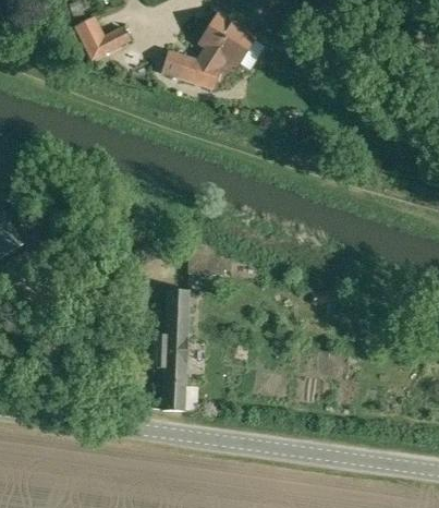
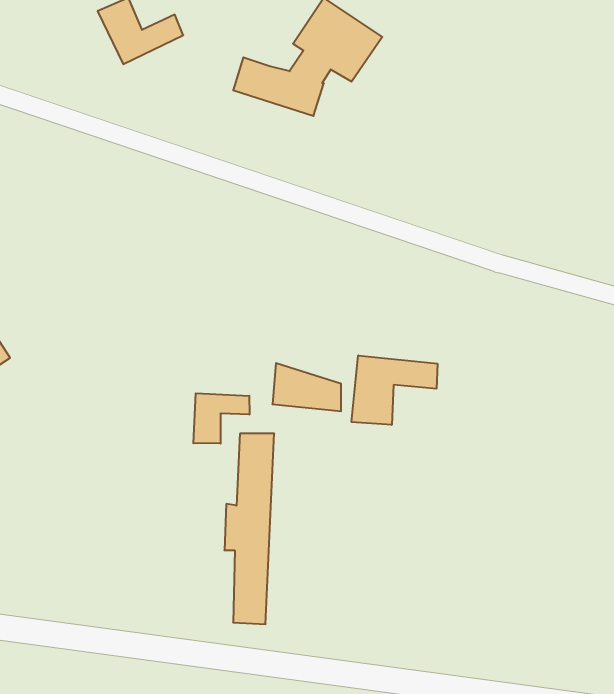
building: none -> [352,355,437,425]
building: none -> [193,393,249,444]

